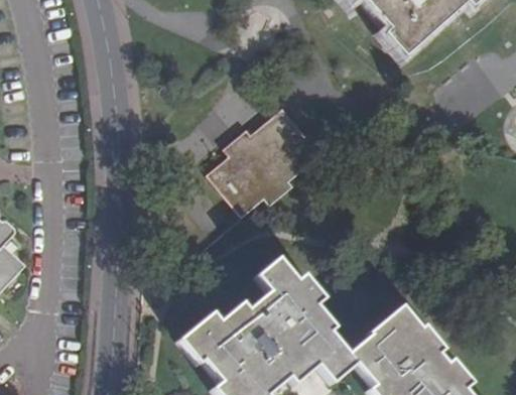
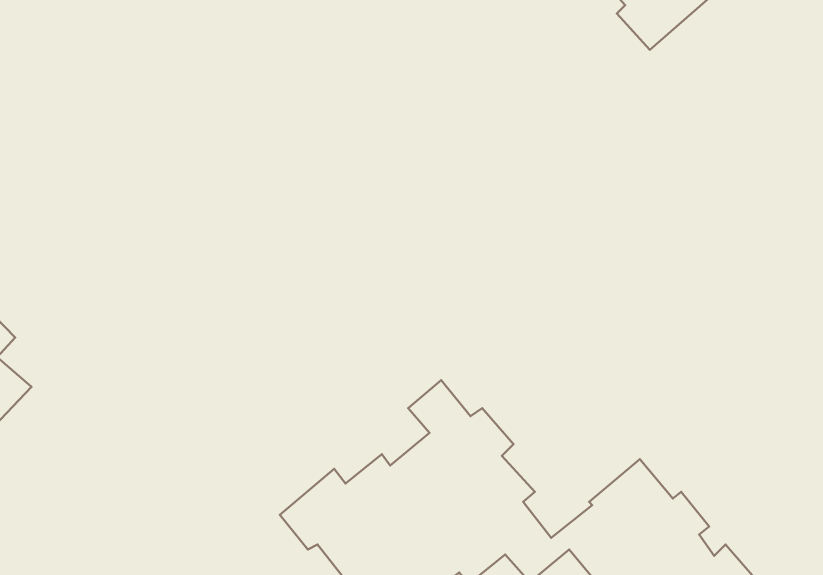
building: [212,108,322,213] -> none

